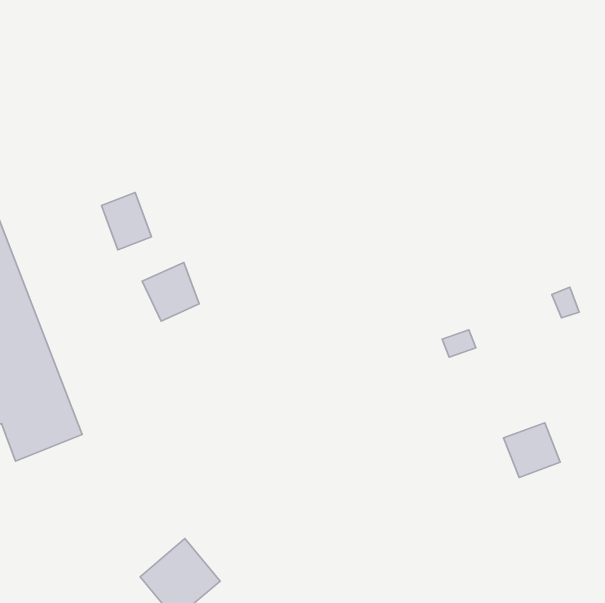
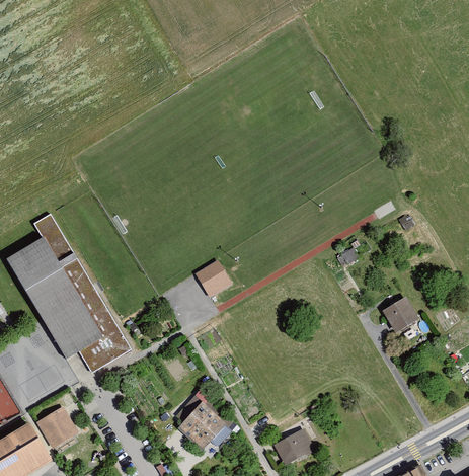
building: [102,193,152,250] -> none
building: [142,263,199,321] -> [196,259,232,297]

